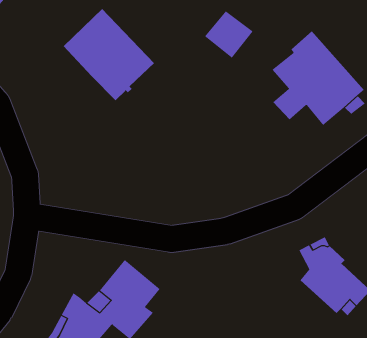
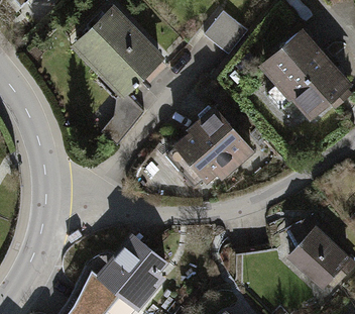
building: none -> [96,72,144,145]
building: none -> [166,106,252,189]

